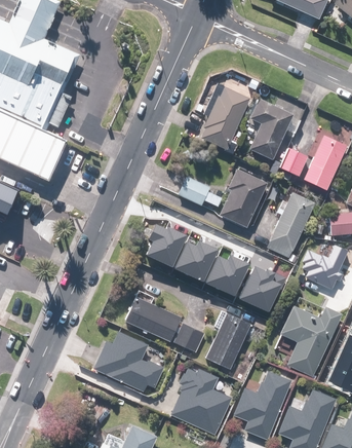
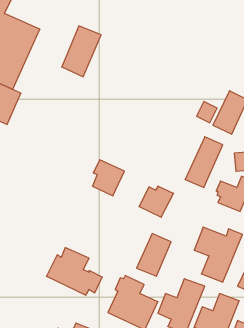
building: [201,86,250,150] -> [62,26,101,77]
building: [249,100,301,160] -> none
building: [221,170,266,227] -> none
building: [179,177,210,207] -> none
building: [180,241,222,281] -> none
building: [244,265,290,311] -> none
building: [124,289,180,340] -> none
building: [175,324,203,350] -> none

